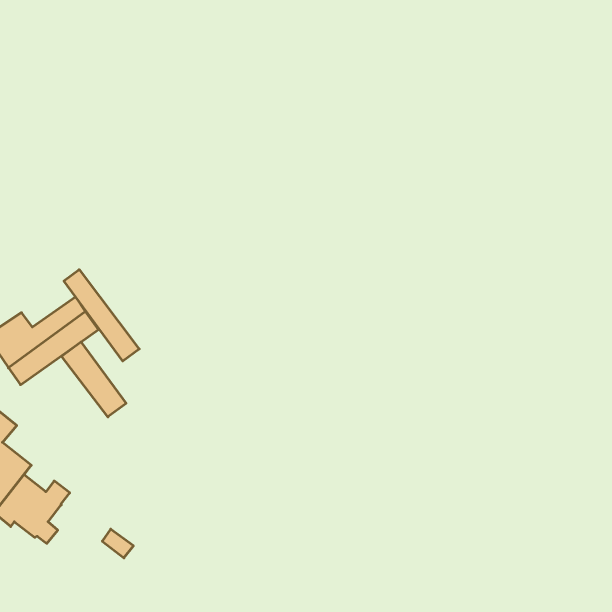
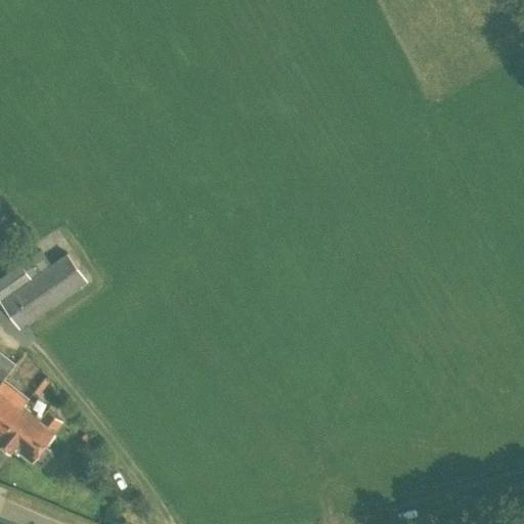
building: [64,270,139,361] -> none
building: [61,342,126,417] -> none

